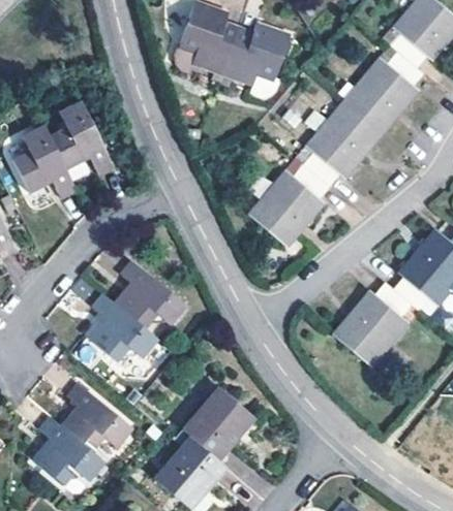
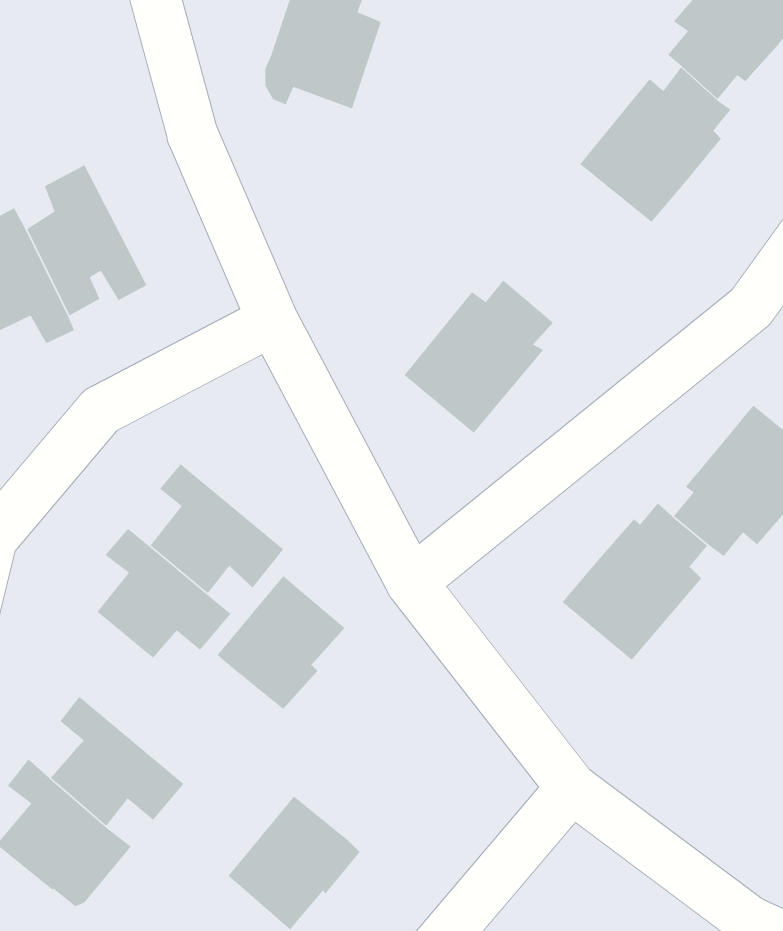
building: [222,23,290,84] -> none
building: [302,102,381,186] -> none
building: [184,387,252,458] -> [217,575,346,710]

